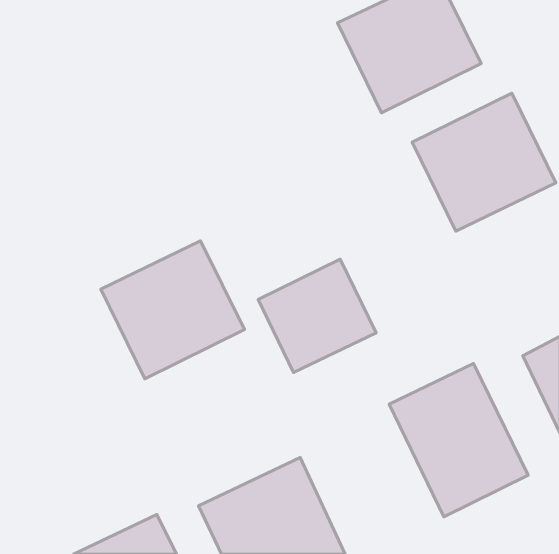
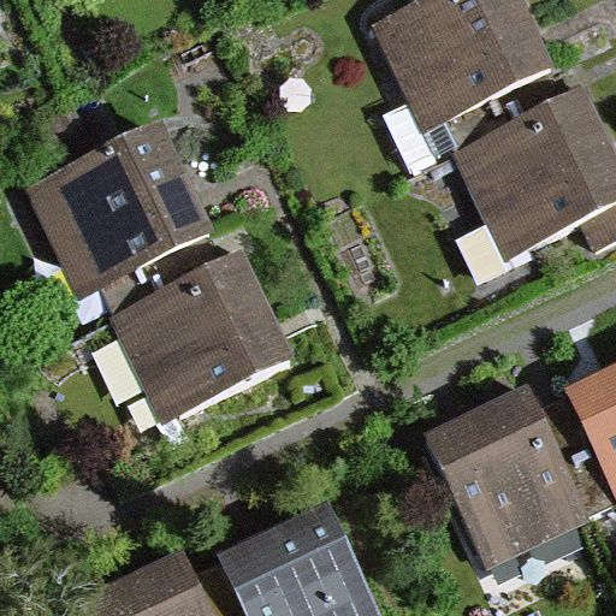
building: none -> [26,123,217,300]
building: [258,259,376,373] -> none

